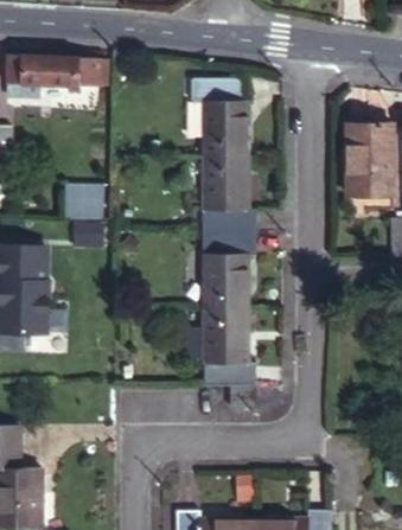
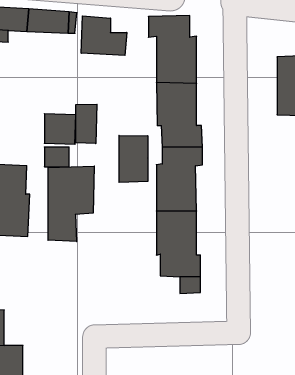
building: none -> [81,16,127,55]
building: none -> [76,104,97,144]
building: none -> [119,135,148,182]
building: none -> [48,166,94,242]

